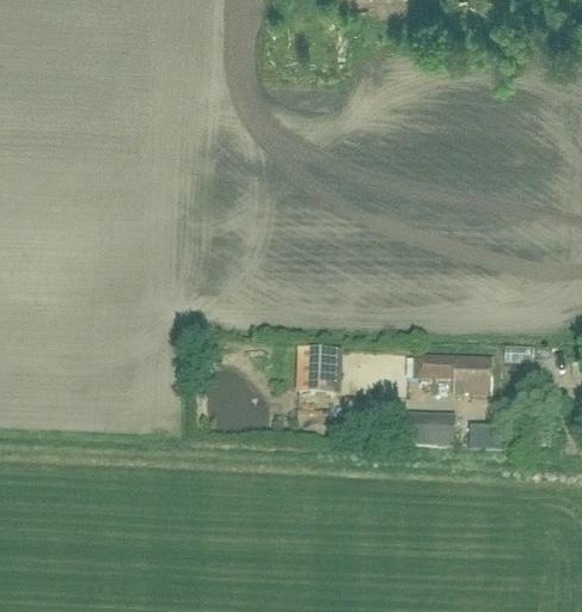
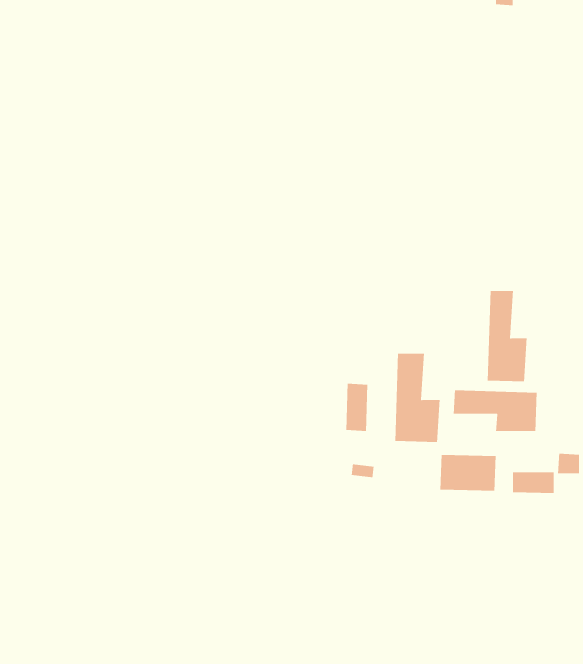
building: none -> [487,290,527,382]
building: none -> [394,353,441,443]

